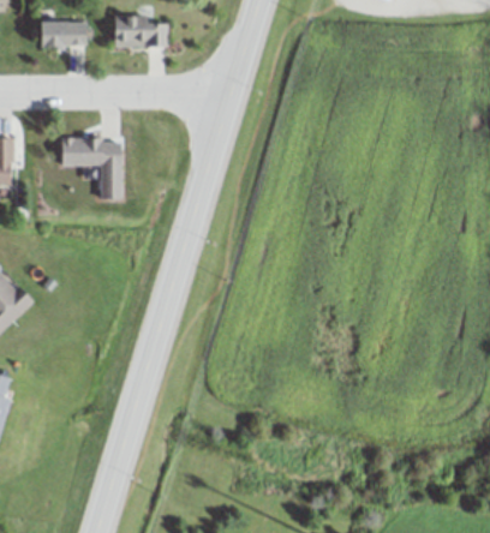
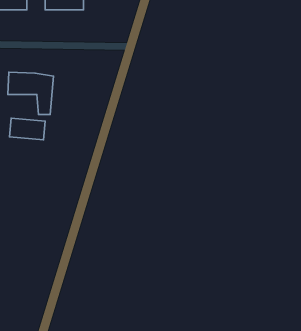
building: none -> [10,118,45,140]

